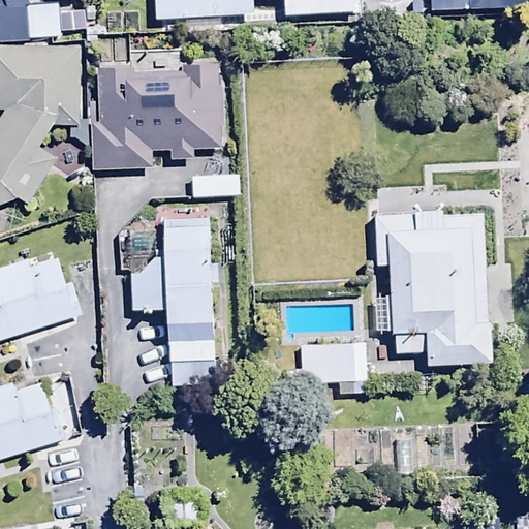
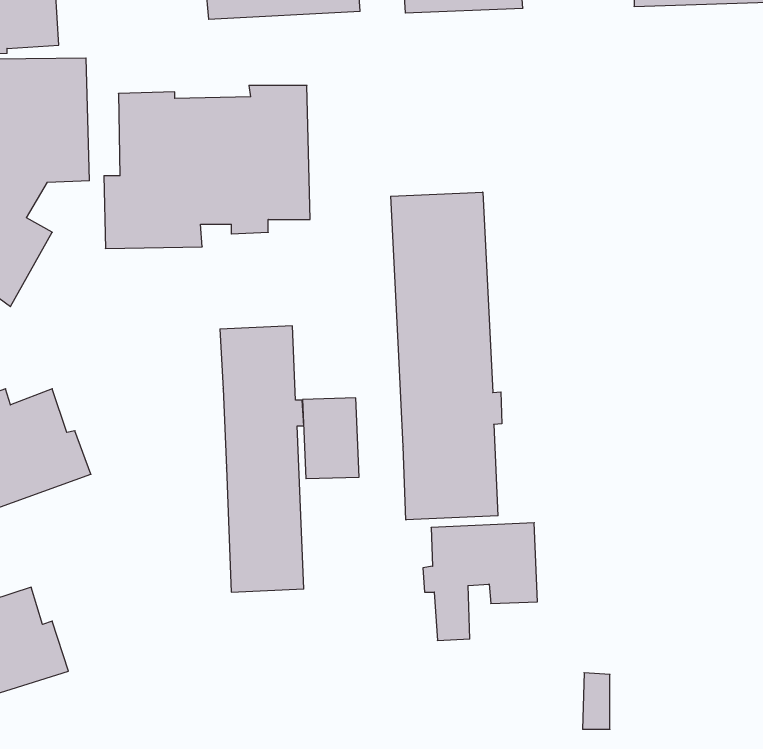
building: none -> [391,192,502,520]
building: [371,207,492,365] -> none
building: [131,256,167,308] -> [303,398,359,479]

